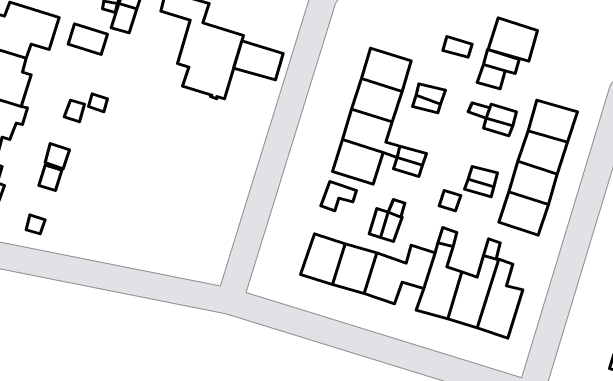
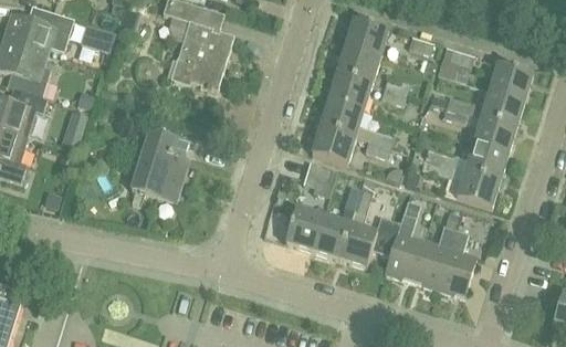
building: none -> [344,18,388,56]
building: [488,18,538,61] -> [489,63,532,101]
building: [234,41,283,80] -> none
building: none -> [129,128,188,202]

